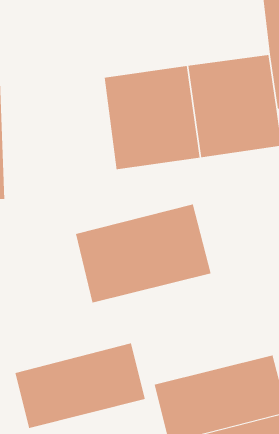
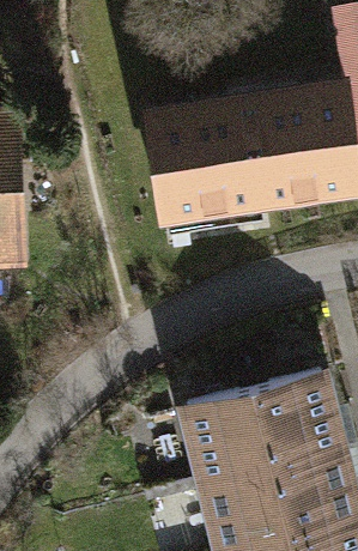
building: [75,204,212,303] -> [183,368,347,488]
building: [15,342,146,429] -> none

